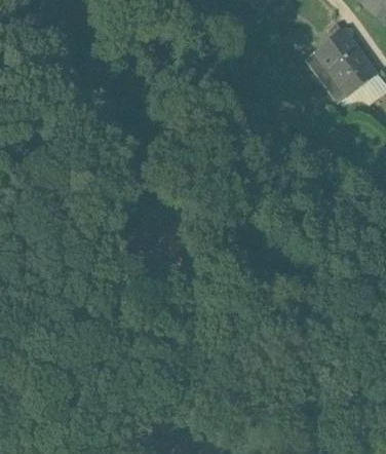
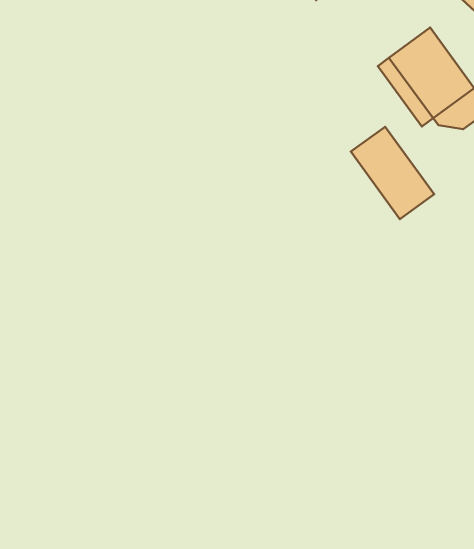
building: none -> [351,127,434,219]

